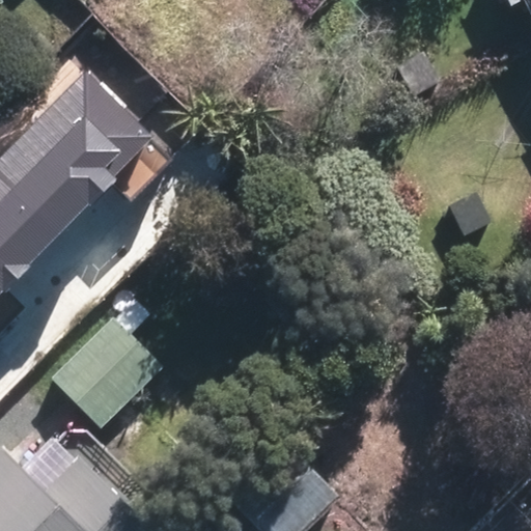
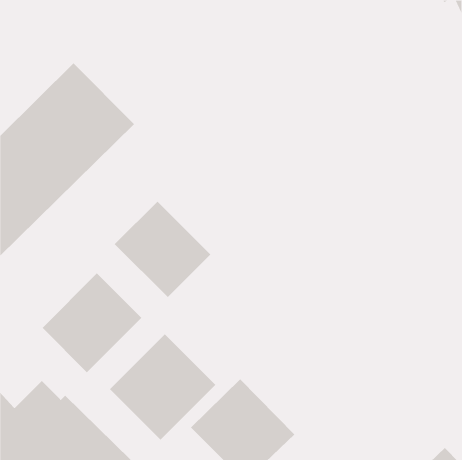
building: none -> [114,201,211,298]
building: none -> [109,334,216,440]

